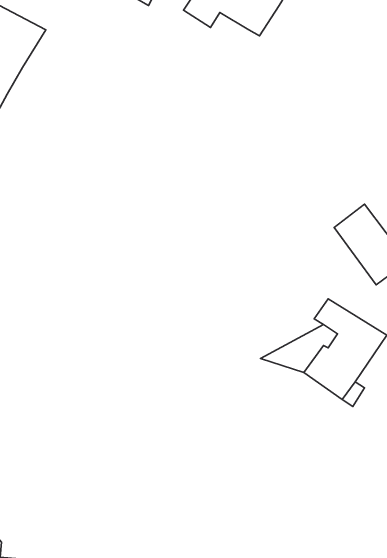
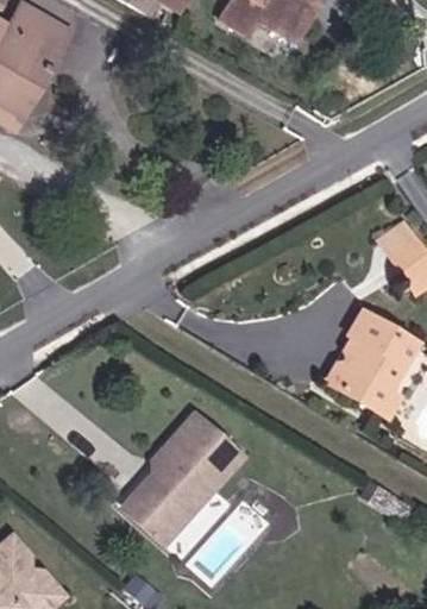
building: none -> [124,413,245,550]

